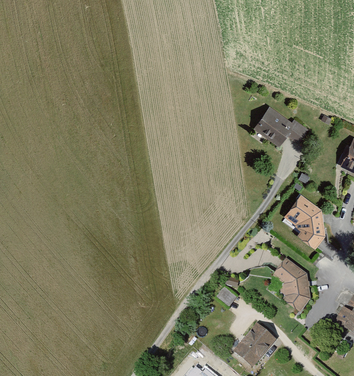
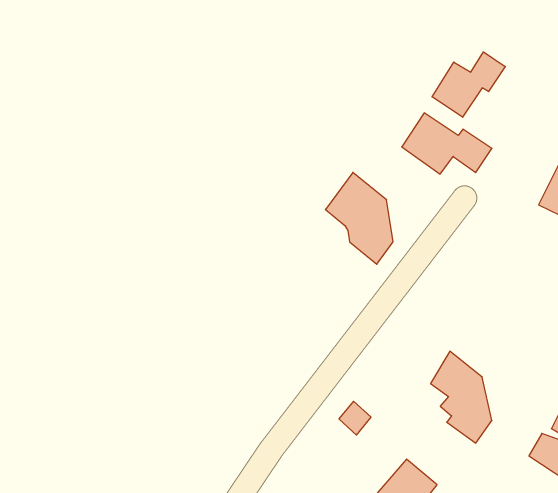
building: none -> [432,52,505,117]
building: [284,191,326,248] -> [325,172,393,264]

